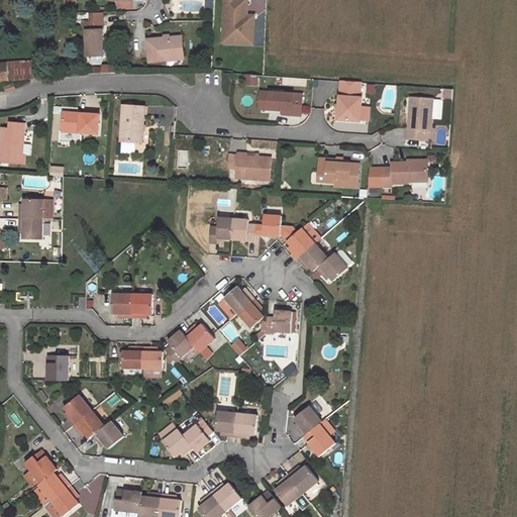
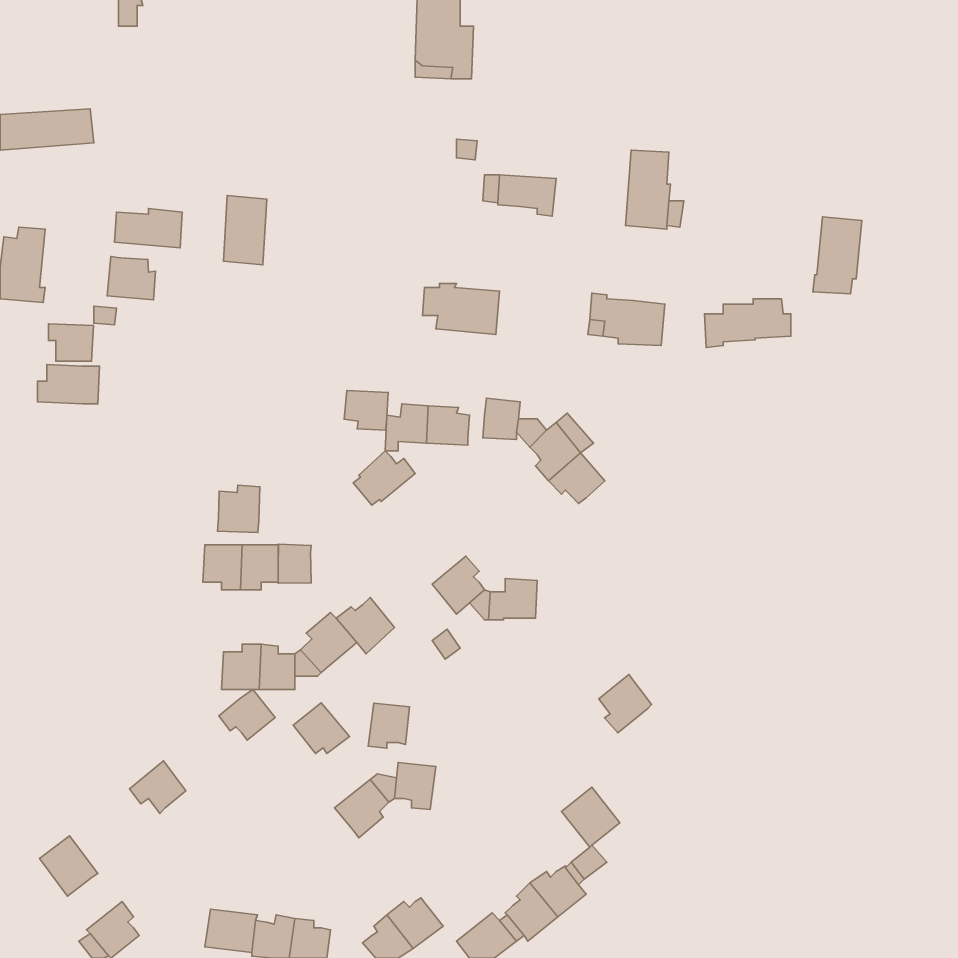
building: [84,22,104,56] -> none
building: [149,38,186,64] -> none
building: [405,99,431,140] -> [813,217,862,294]
building: none -> [107,257,156,300]
building: none -> [344,390,388,430]
building: [21,216,45,236] -> [48,324,93,361]
building: [316,251,347,280] -> none
building: none -> [217,485,260,532]
building: [218,287,251,316] -> [353,451,415,505]
building: none -> [278,544,311,583]
building: [45,353,67,380] -> none
building: [63,394,89,424] -> none
building: [293,405,321,436] -> [599,675,651,733]
building: [232,412,254,436] -> [368,703,409,748]
building: [90,420,120,447] -> [219,689,275,740]
building: [161,428,191,455] -> [293,703,349,753]
building: [35,472,67,500] -> none

